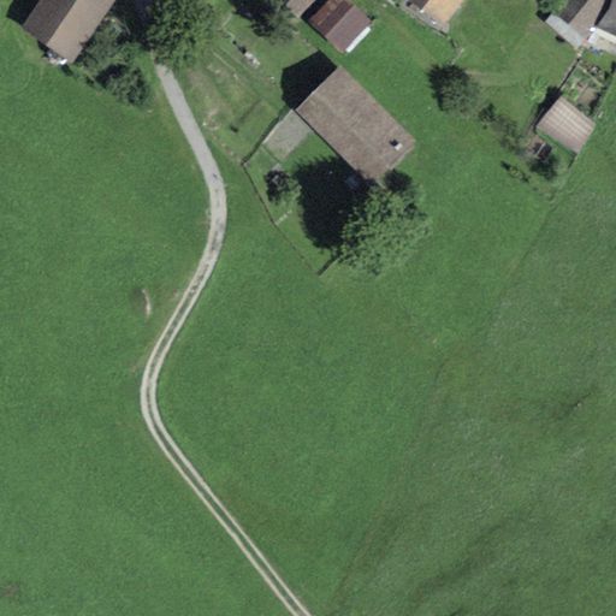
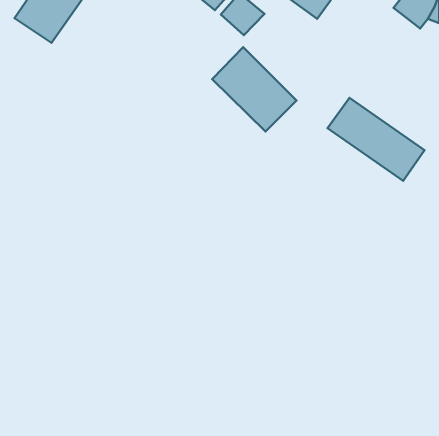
building: [539,94,592,147] -> none
building: none -> [328,98,424,181]

